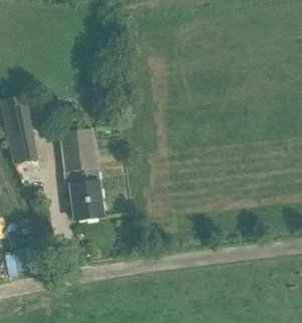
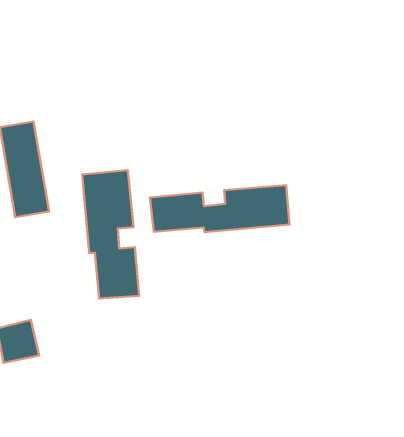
building: none -> [150,185,289,232]

